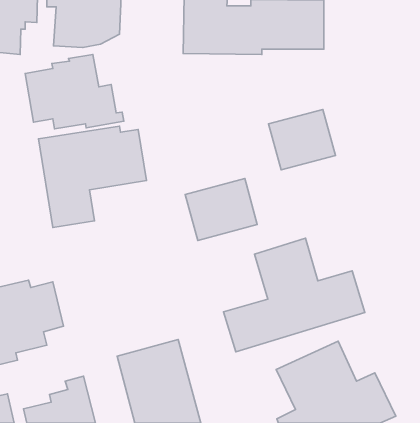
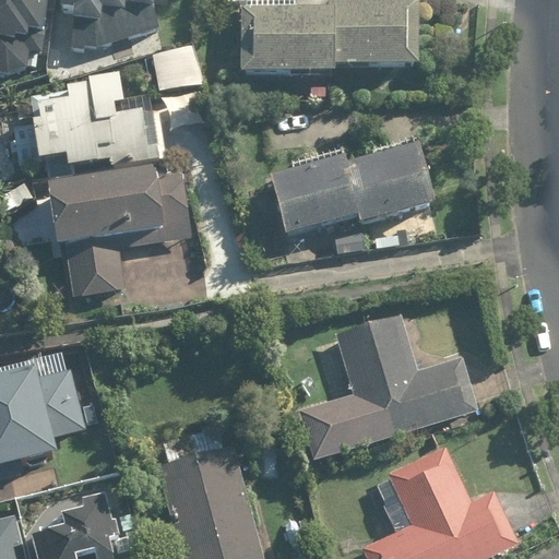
building: none -> [148,37,204,94]
building: [185,179,257,240] -> [271,154,365,235]

